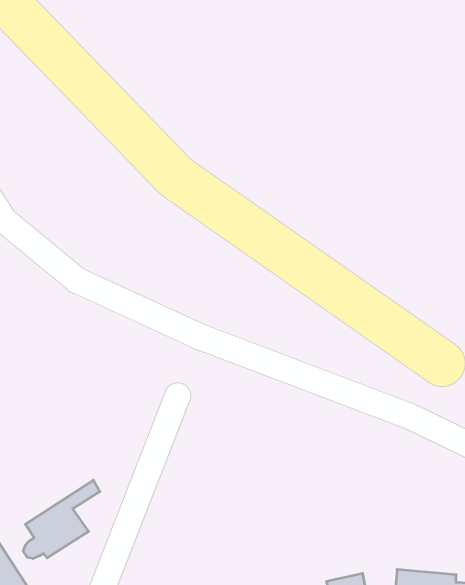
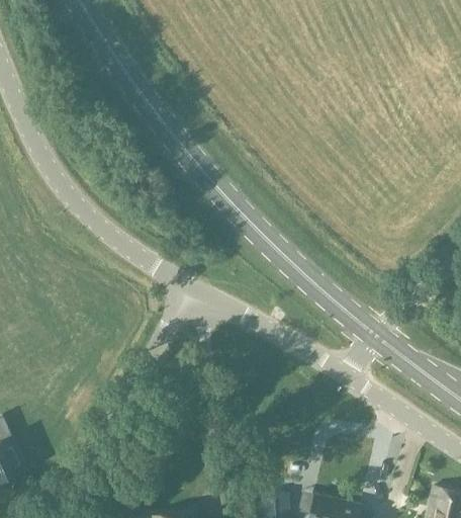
building: [23,480,100,559] -> none

